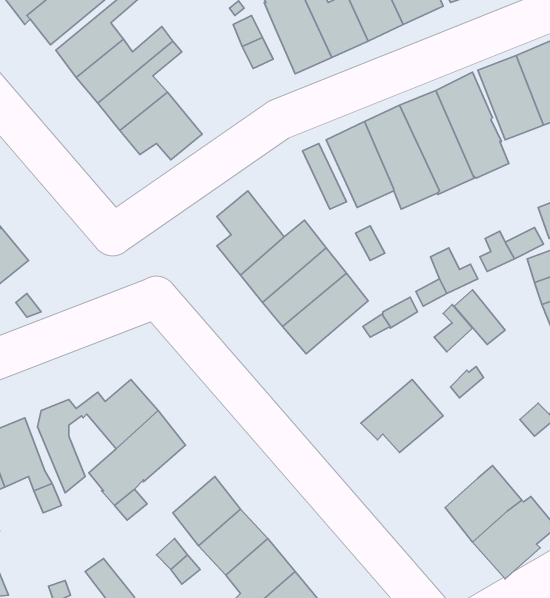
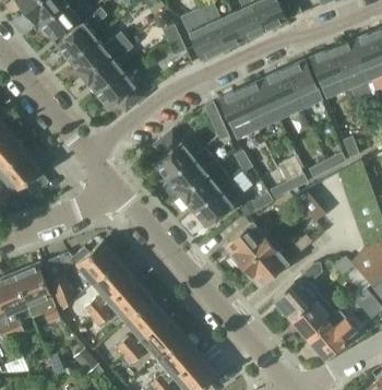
building: none -> [226,222,270,269]
building: none -> [273,264,321,319]
building: none -> [109,282,152,322]

